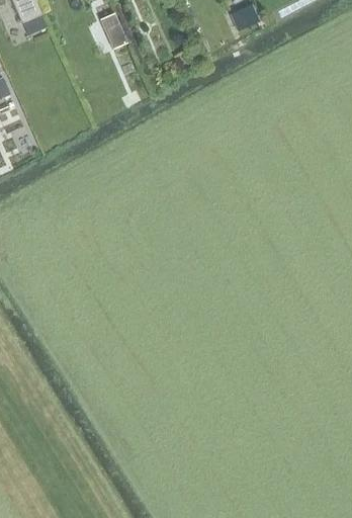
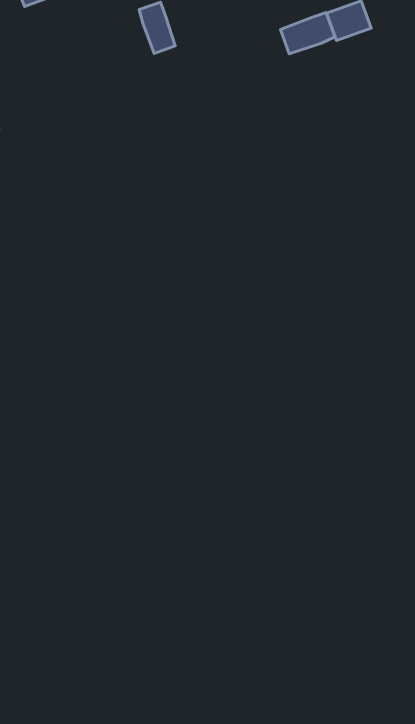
building: none -> [281,13,335,54]

